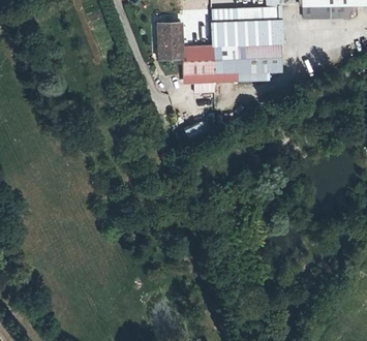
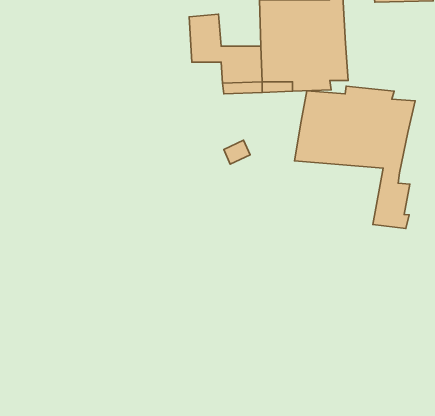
building: none -> [295,86,415,228]

